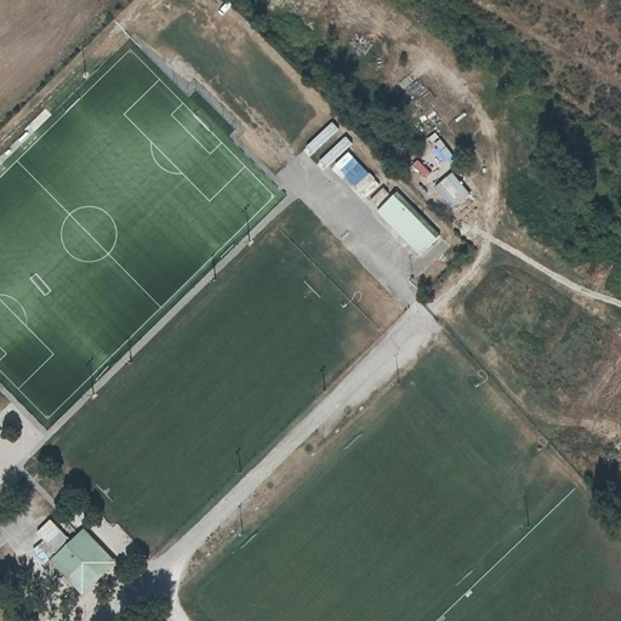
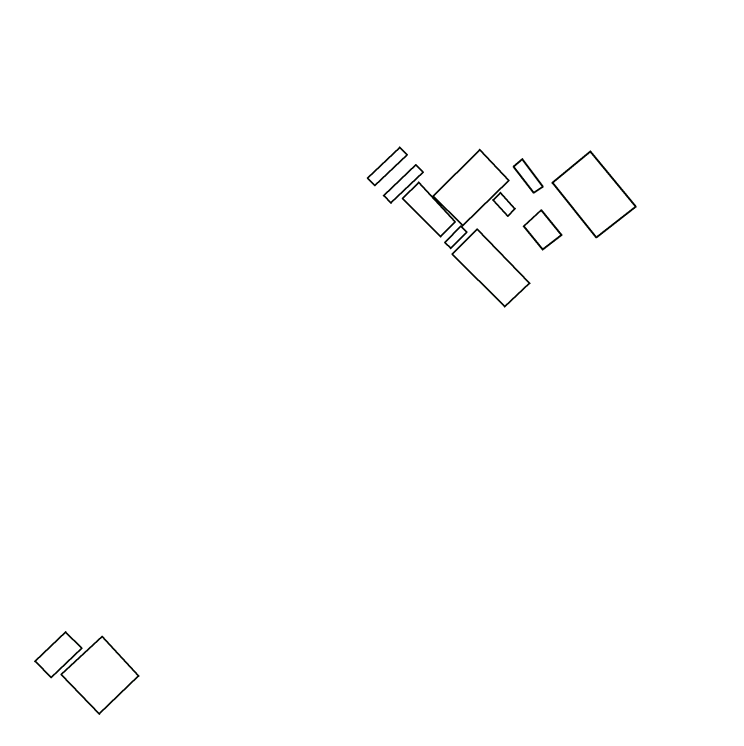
building: none -> [433,150,509,226]
building: none -> [552,151,636,237]

